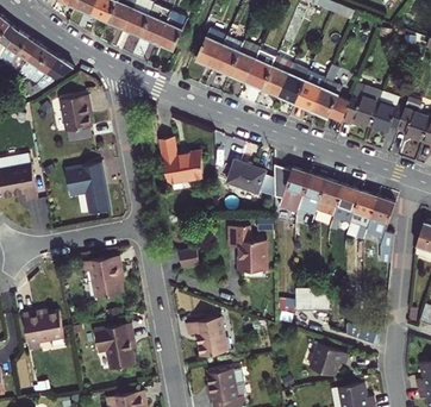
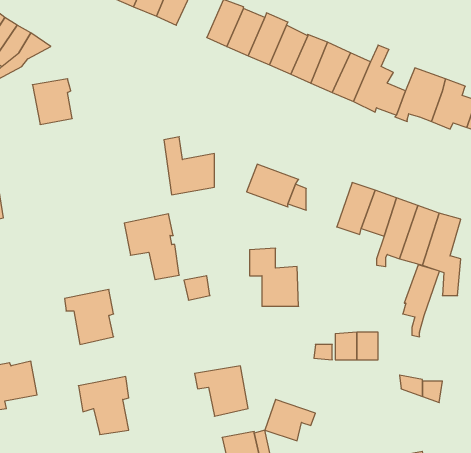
building: [65,159,108,211] -> [124,214,179,280]
building: [280,169,308,225] -> [403,265,439,337]
building: [310,345,349,377] -> [265,399,315,441]

